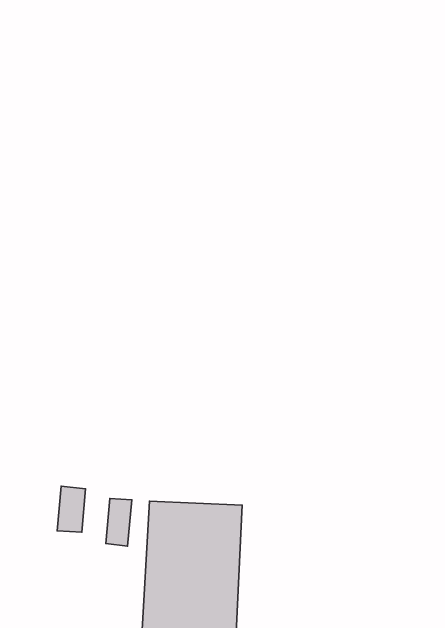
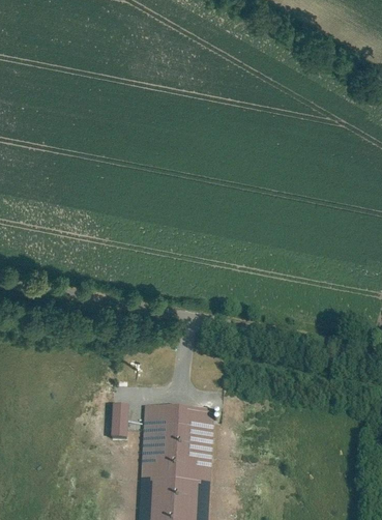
building: [57,486,86,532] -> none

